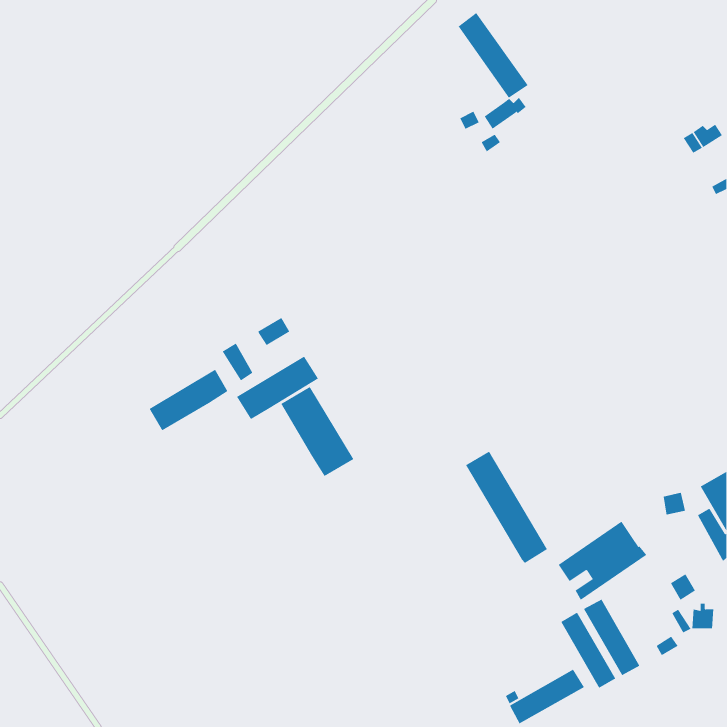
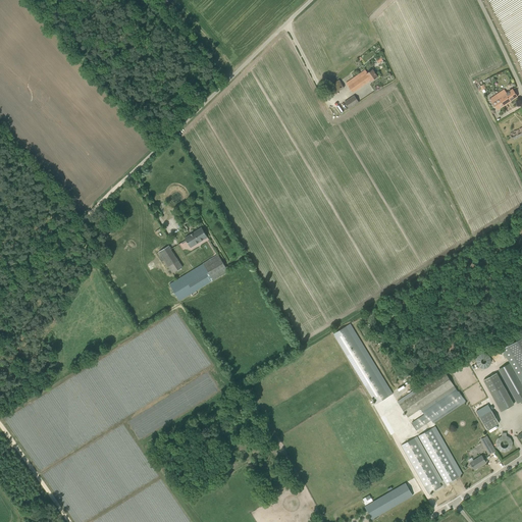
building: [458,12,529,99] -> none
building: [149,369,228,431] -> none
building: [280,386,354,477] -> none
building: none -> [483,373,514,411]

